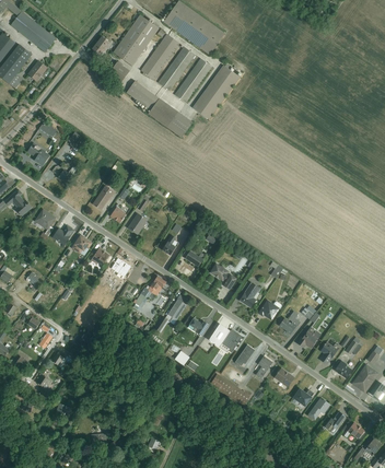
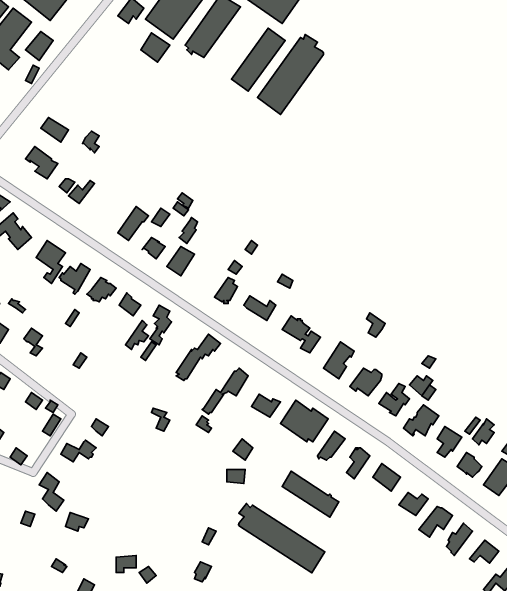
building: [158,46,196,91] -> none
building: [127,81,192,138] -> none
building: none -> [239,503,325,573]

